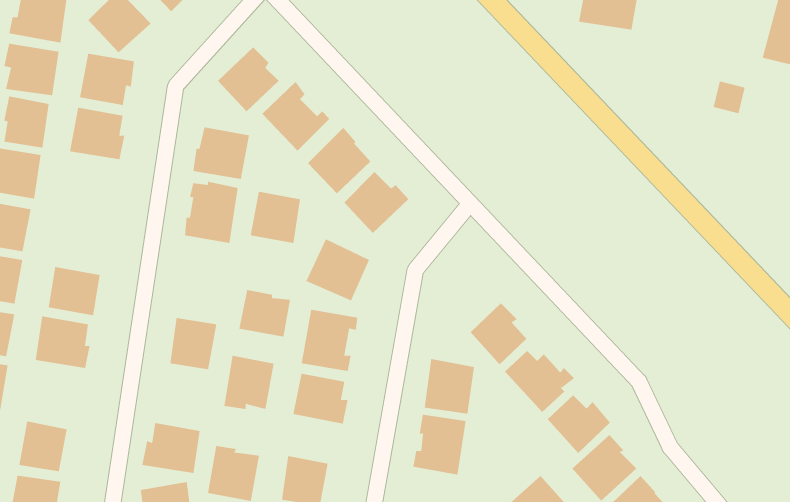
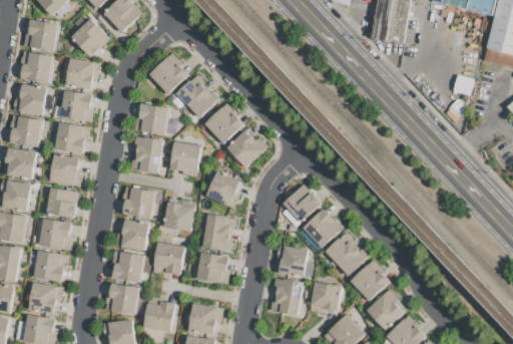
building: none -> [55,122,91,153]
building: none -> [50,154,82,186]
building: none -> [283,185,321,223]
building: none -> [122,186,156,219]
building: none -> [33,251,70,282]
building: none -> [112,251,145,283]
building: none -> [310,281,343,315]

